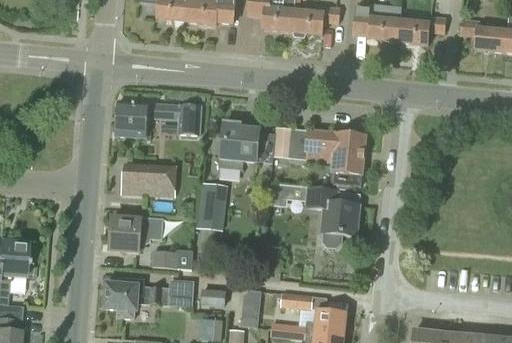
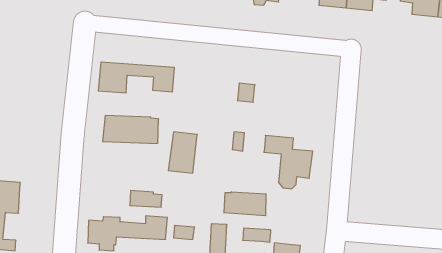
building: [219,121,261,169] -> none
building: [305,129,366,184] -> none
building: [108,217,165,252] -> none
building: none -> [224,192,266,216]

